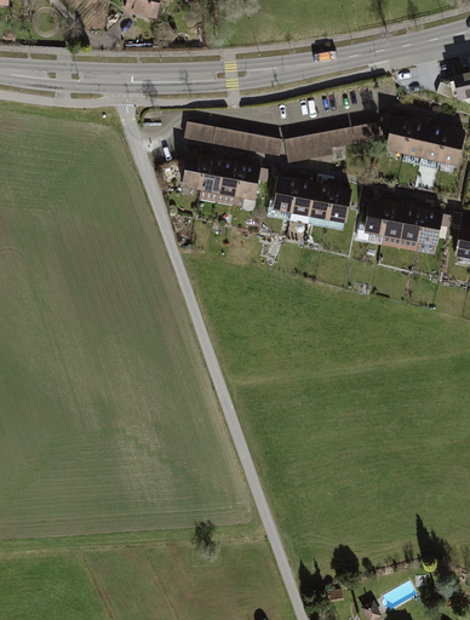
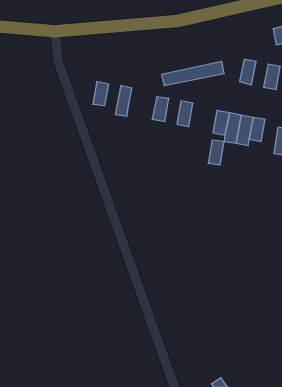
building: [385,115,411,153] -> none
building: [184,121,282,156] -> none
building: [422,122,447,161] -> none
building: [199,156,224,202] -> none
building: [235,162,259,199] -> none
building: [291,178,315,217] -> none
building: [327,185,351,223] -> [208,140,224,165]

